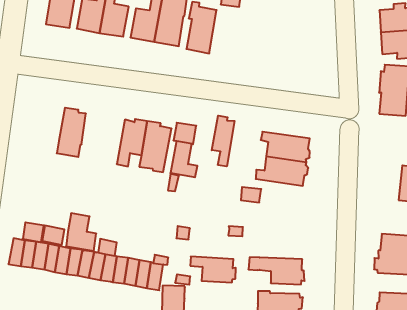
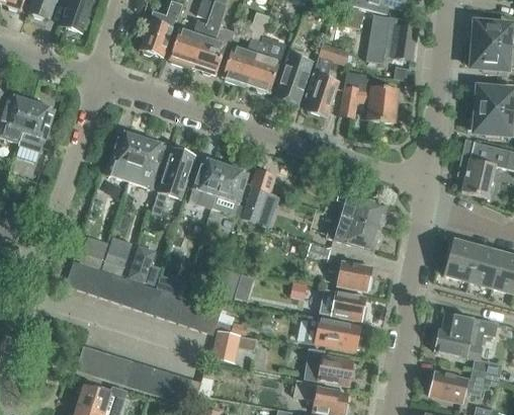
building: none -> [339,71,399,122]
building: none -> [307,71,339,114]
building: none -> [107,131,146,180]
building: none -> [151,148,194,217]
building: [212,116,235,166] -> none
building: none -> [444,239,477,280]
building: none -> [328,258,372,290]
building: [190,257,236,282] -> [322,288,367,321]

